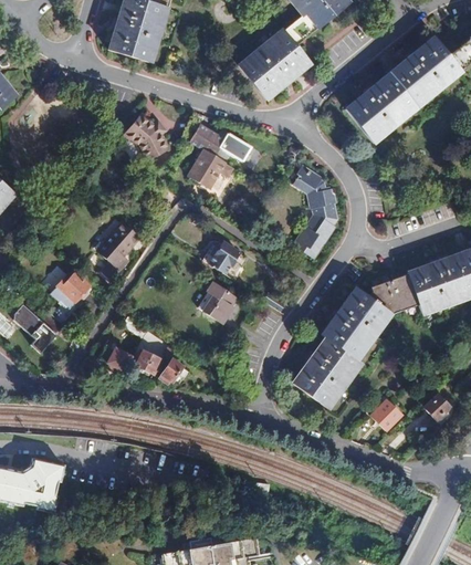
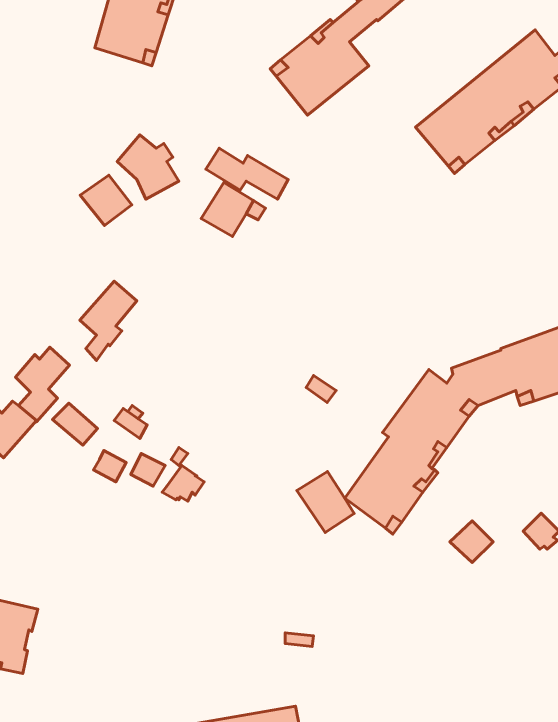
building: none -> [80,175,132,226]
building: [294,166,337,258] -> none
building: [209,241,248,279] -> none
building: [199,282,237,323] -> none
building: none -> [52,403,98,445]
building: none -> [297,472,354,532]

